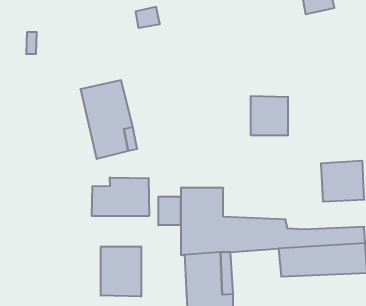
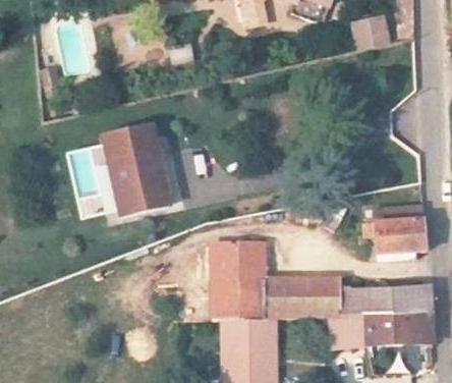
building: [251,96,288,135] -> none
building: [92,177,149,216] -> none
building: [101,246,141,297] -> none

